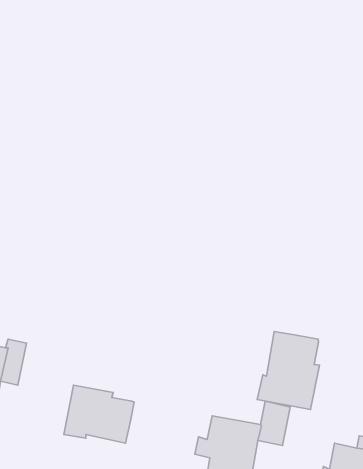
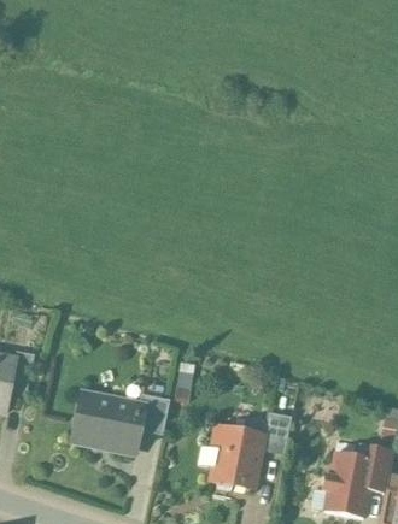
building: [257,331,319,410] -> none
building: none -> [136,391,170,432]

